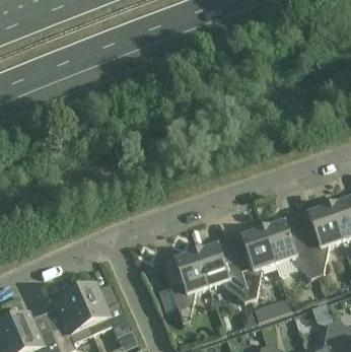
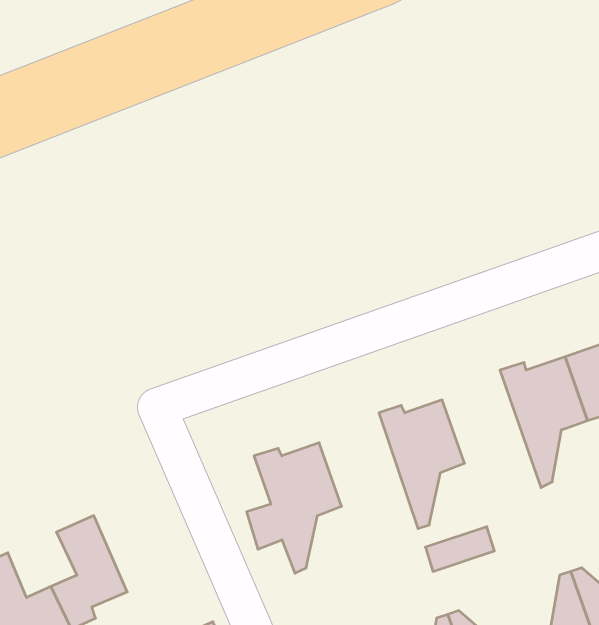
building: [264,212,318,278] -> none
building: [197,235,251,300] -> none
building: [74,282,131,335] -> none

